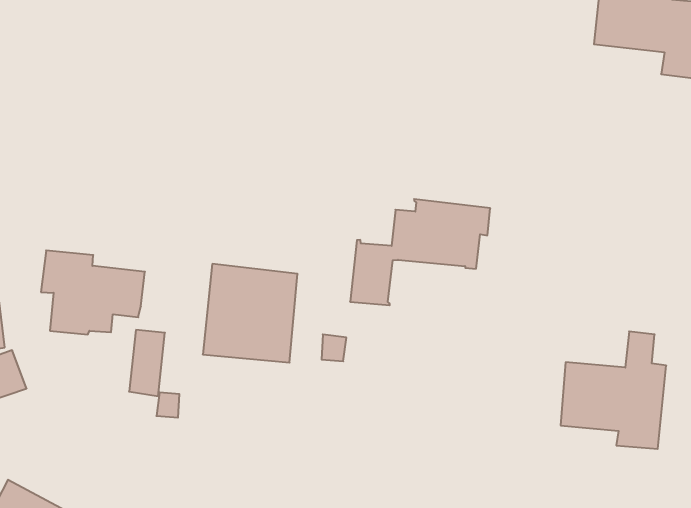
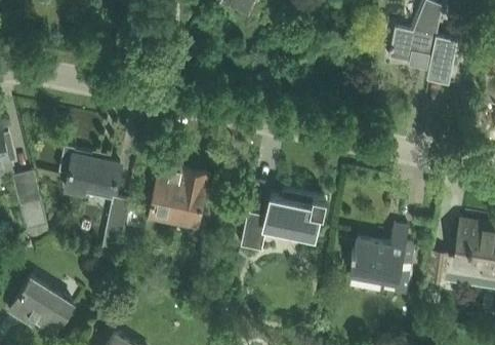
building: [350,199,490,305] -> [240,191,325,251]

